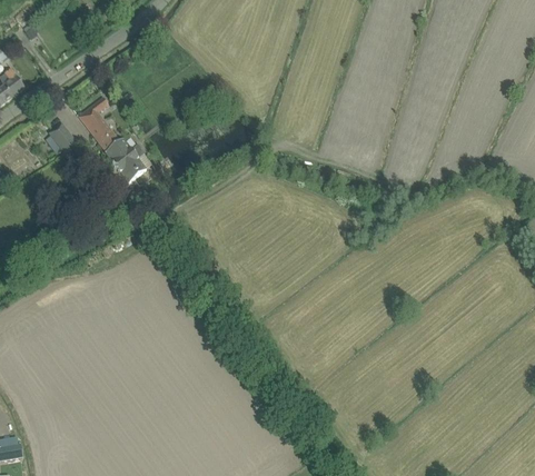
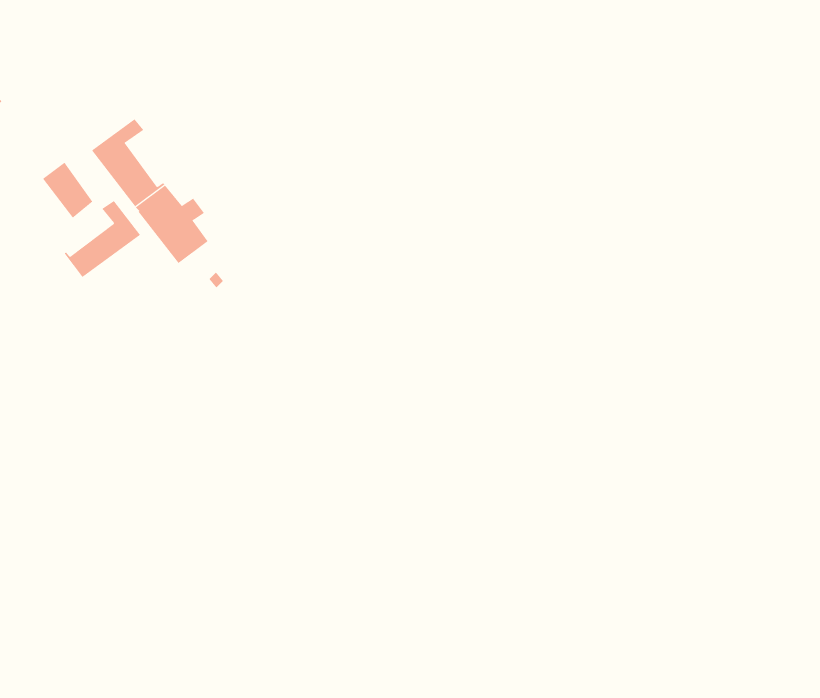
building: none -> [64,200,141,278]

